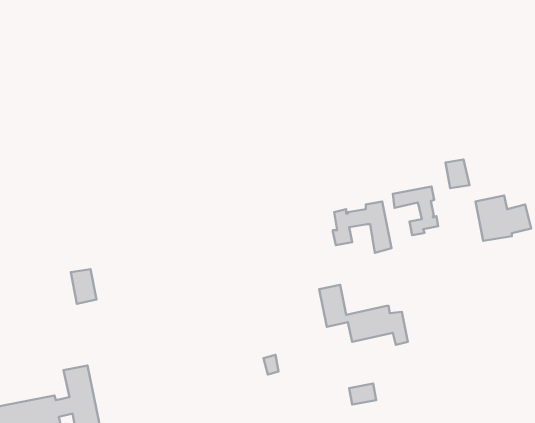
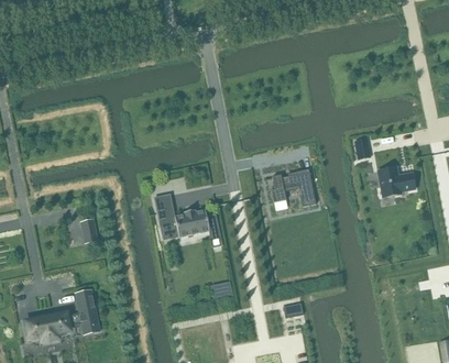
building: [393,186,438,235] -> none
building: [319,285,408,345] -> [154,195,219,239]

